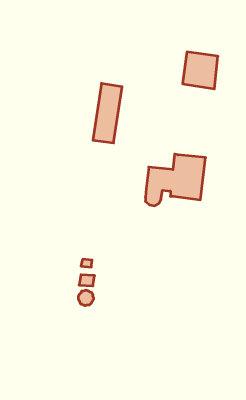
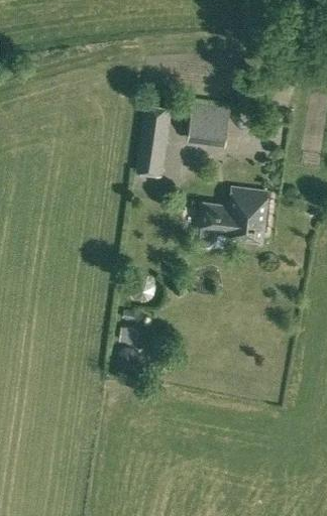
building: [183,52,218,89] -> [190,103,231,146]

